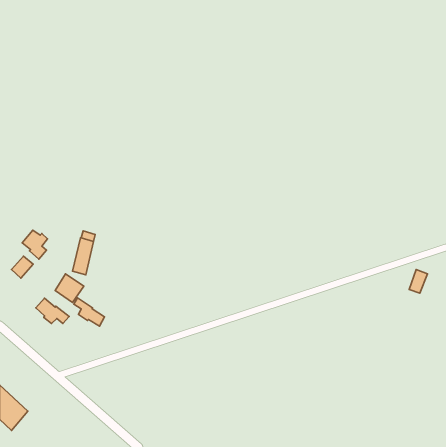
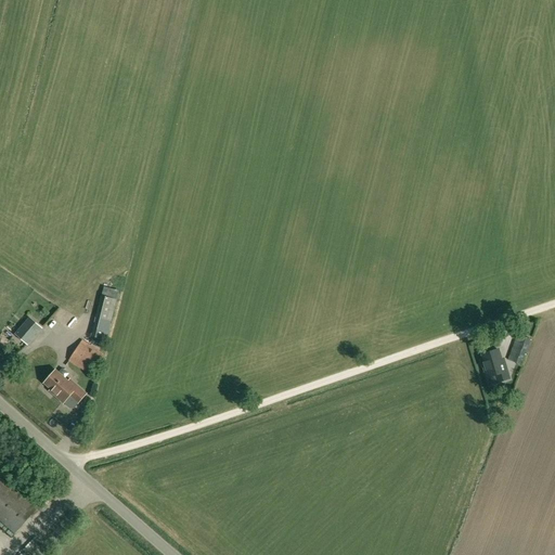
building: [22,230,48,259] -> none
building: none -> [481,350,507,382]
building: [74,298,105,326] -> none

